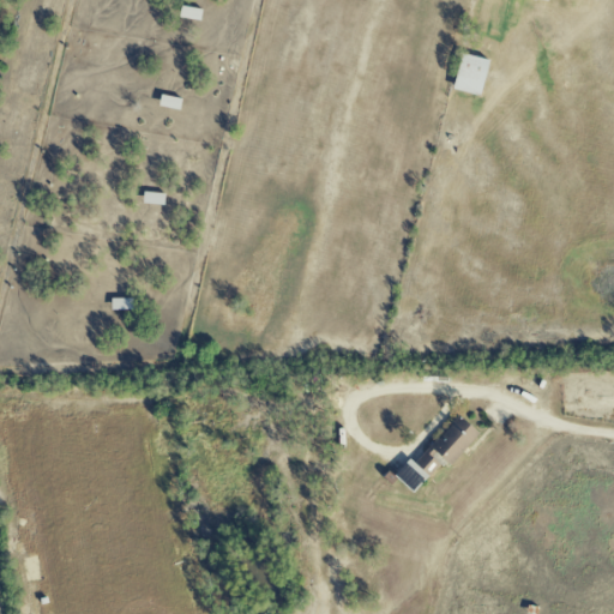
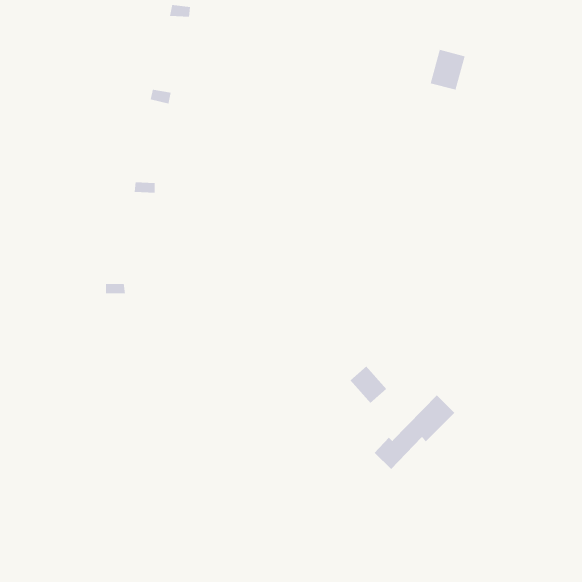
building: none -> [350,365,387,404]

